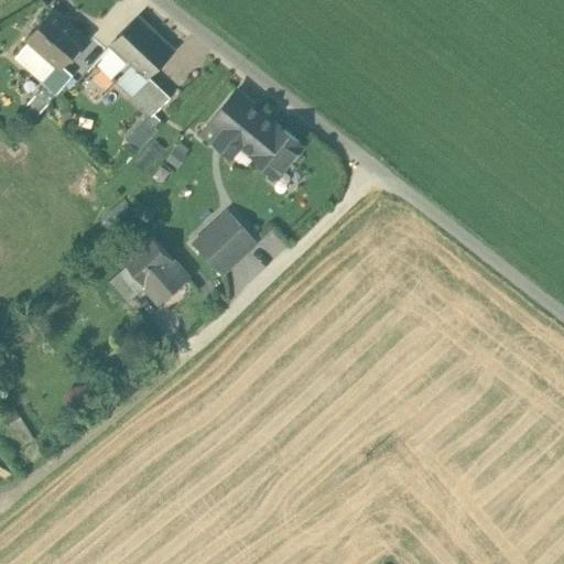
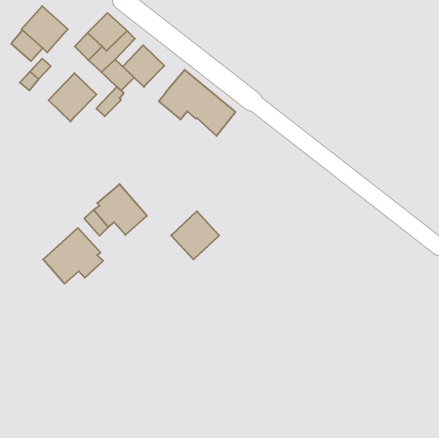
building: none -> [123,45,164,87]
building: none -> [49,73,96,122]
building: [194,213,256,274] -> [171,211,219,259]
building: none -> [43,228,103,284]

